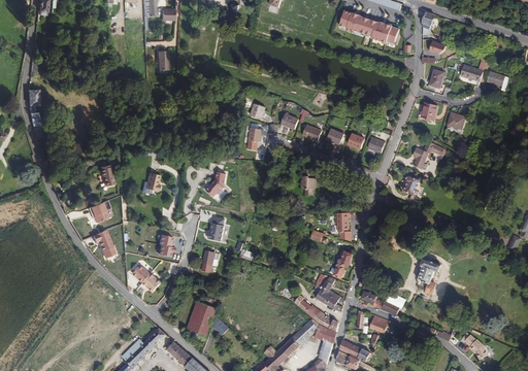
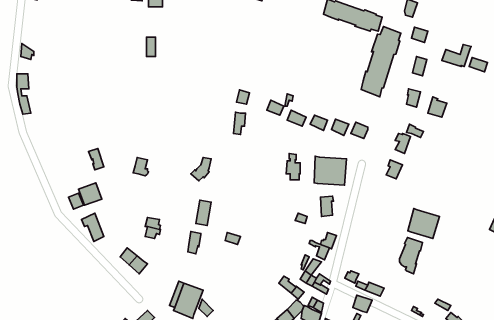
building: none -> [361,27,401,97]
building: none -> [314,156,347,185]
building: none -> [408,208,440,238]

